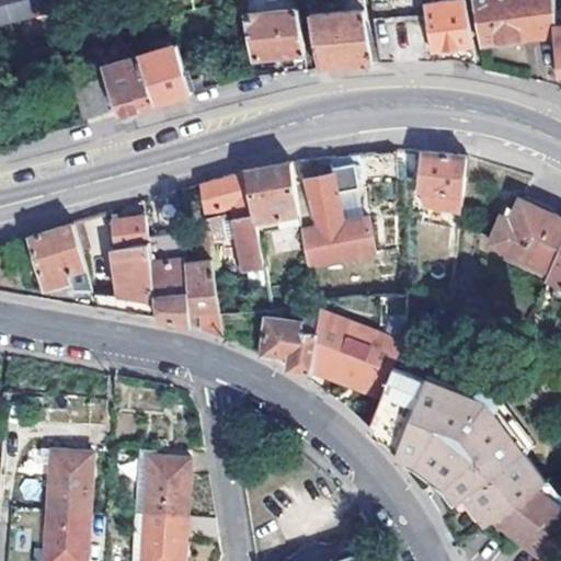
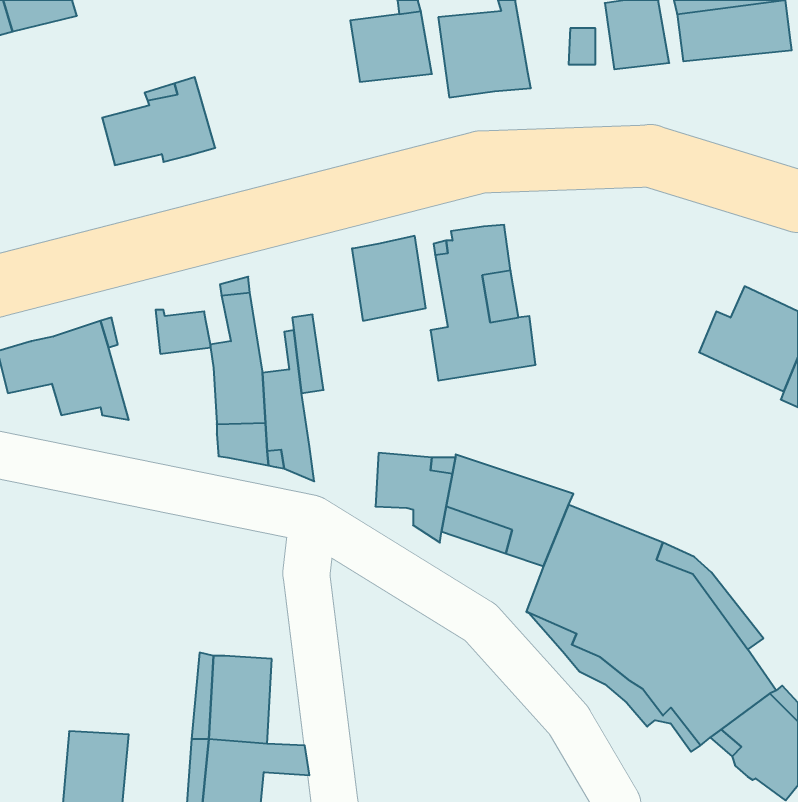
building: [136,45,187,104] -> none
building: [417,154,466,214] -> none
building: [199,174,261,272] -> none
building: [110,243,151,304] -> none
building: [48,450,93,513] -> none

